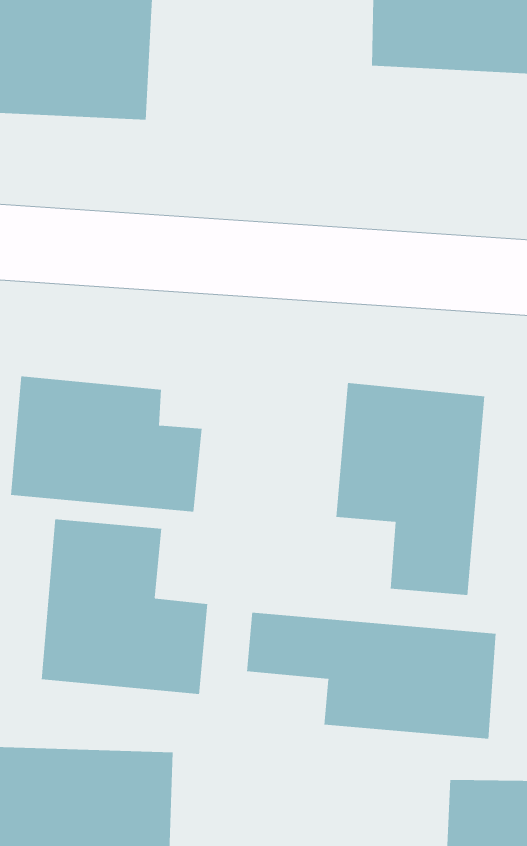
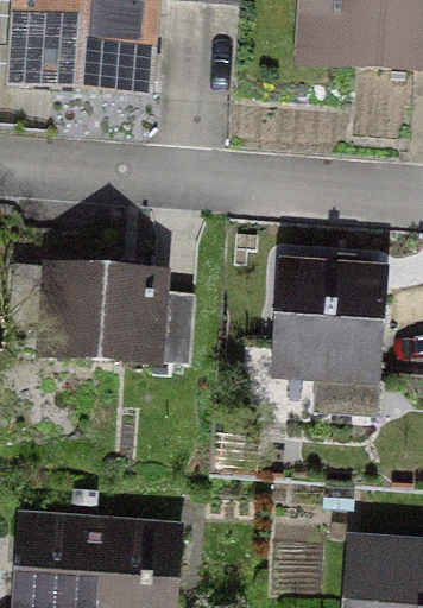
building: [41,519,208,695] -> none
building: [247,612,496,739] -> none

